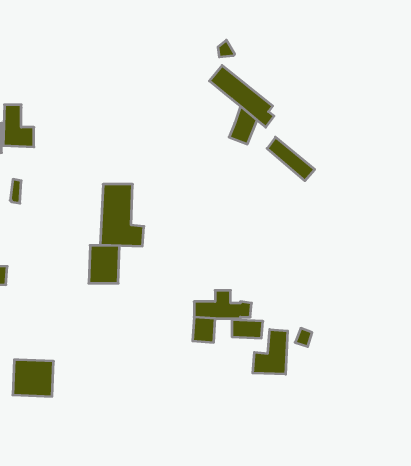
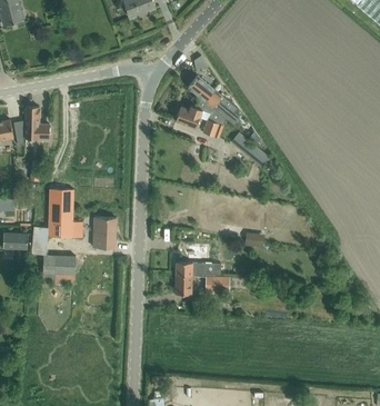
building: none -> [176,97,206,128]
building: [100,184,144,246] -> [48,187,82,236]
building: [253,329,288,374] -> none
building: [13,360,54,396] -> [43,254,76,283]

